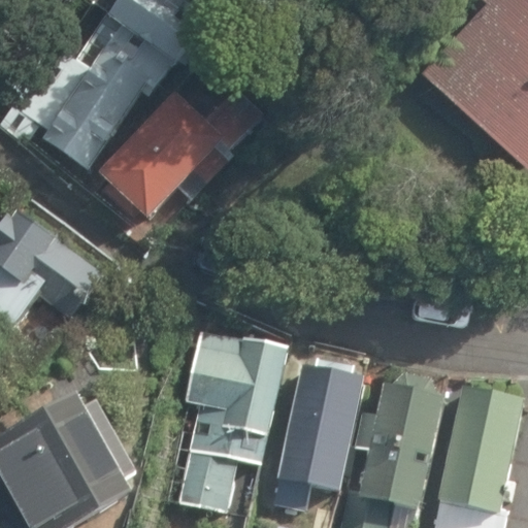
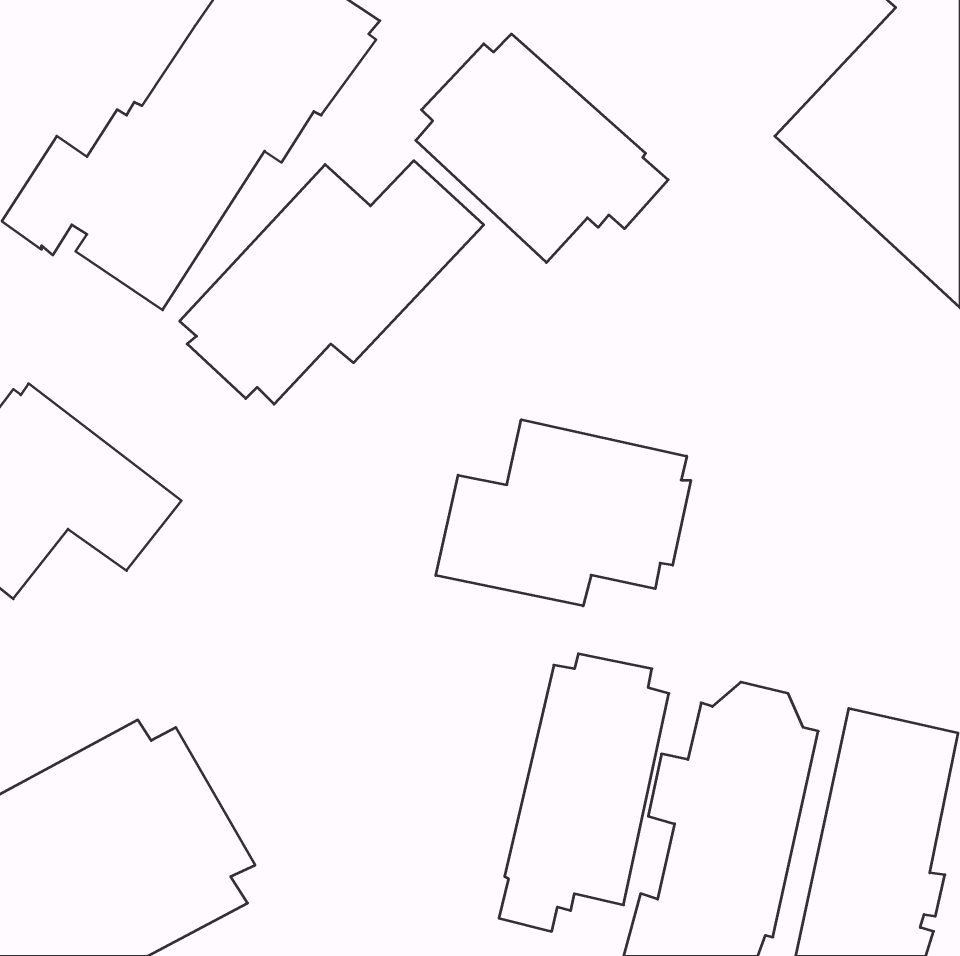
building: none -> [416,34,668,263]
building: none -> [436,420,691,606]
building: [179,331,290,510] -> none

